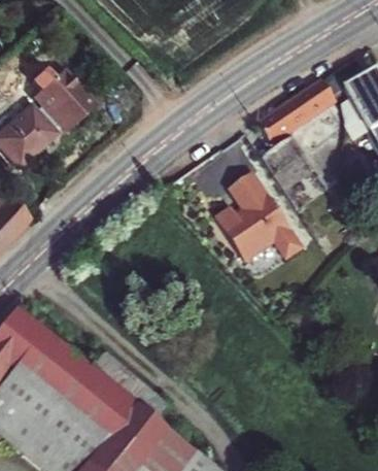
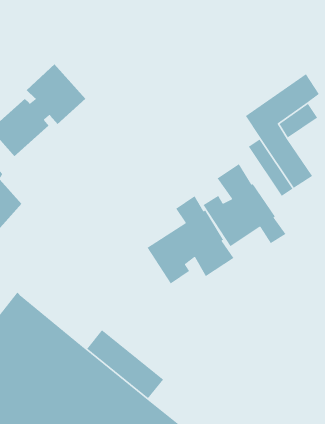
building: none -> [146,195,235,285]

